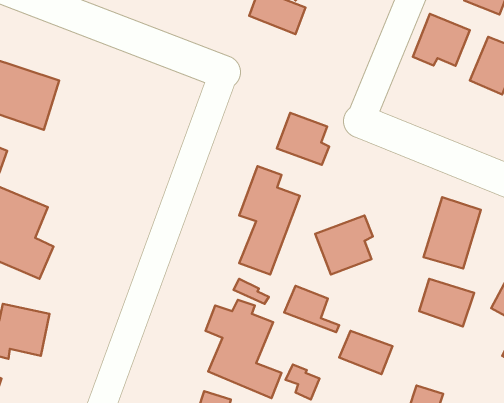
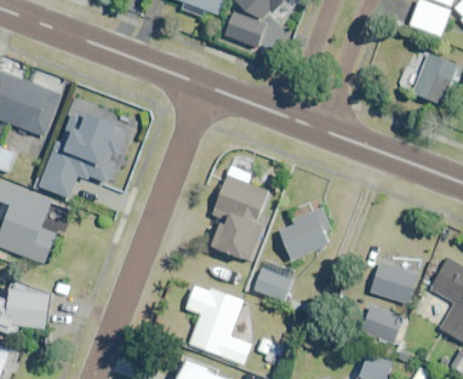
building: [413,14,470,66] -> none
building: none -> [40,108,127,199]
building: [277,113,329,165] -> none
building: [423,197,481,268] -> none
building: [339,331,393,374] -> [359,306,405,344]

